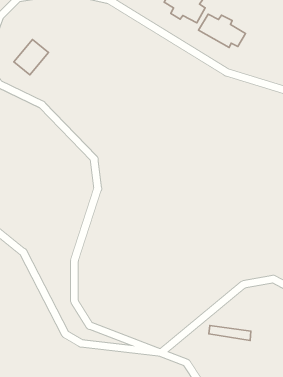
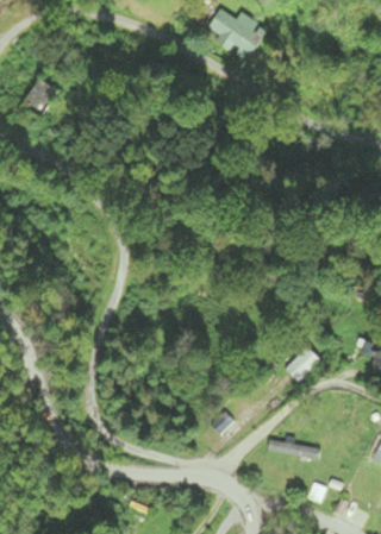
building: [199,14,245,48] -> none
building: none -> [285,346,319,382]

